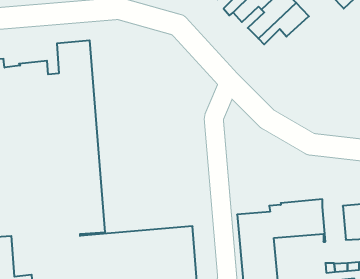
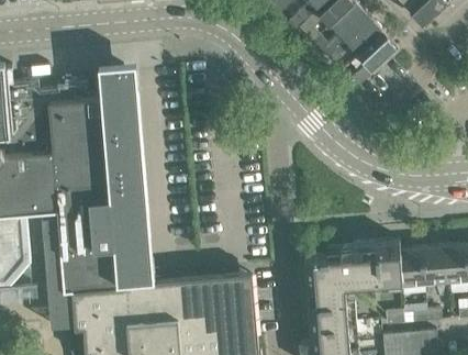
building: none -> [349,33,399,88]
building: none -> [400,248,426,289]

